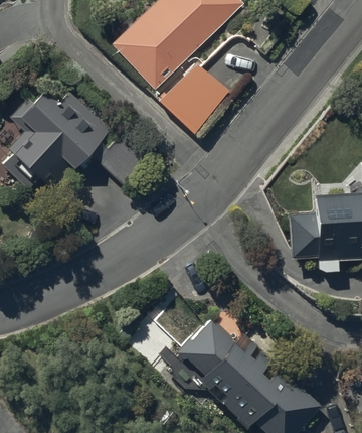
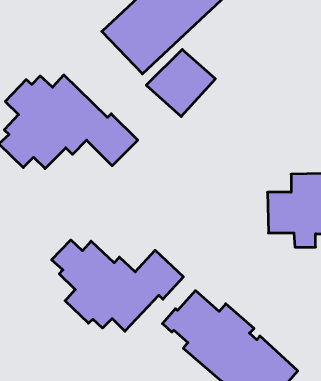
building: none -> [52,240,183,331]

